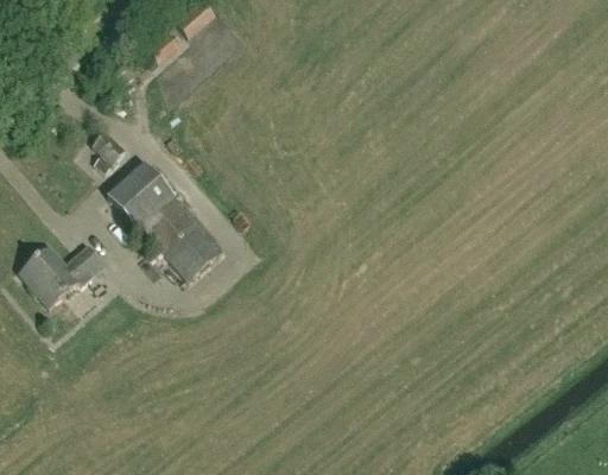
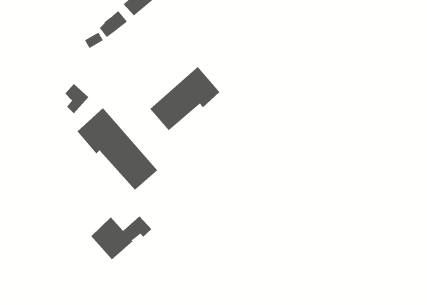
building: none -> [149,66,220,131]
building: [20,245,106,306] -> [90,216,152,260]

